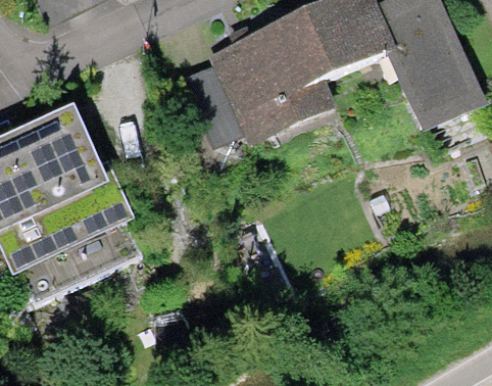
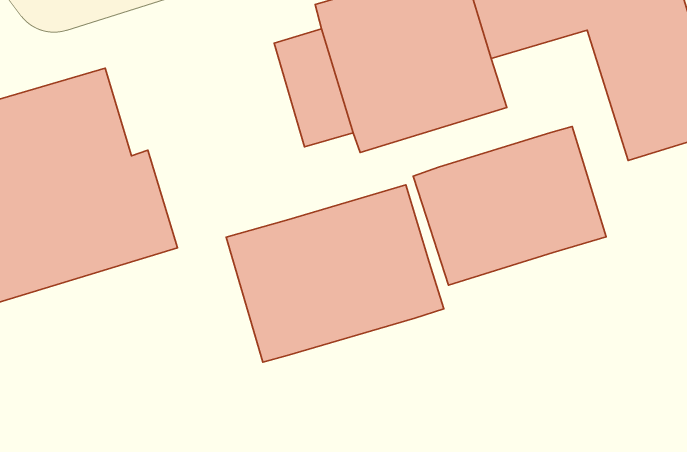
building: none -> [413,127,606,285]
building: none -> [226,185,444,362]

